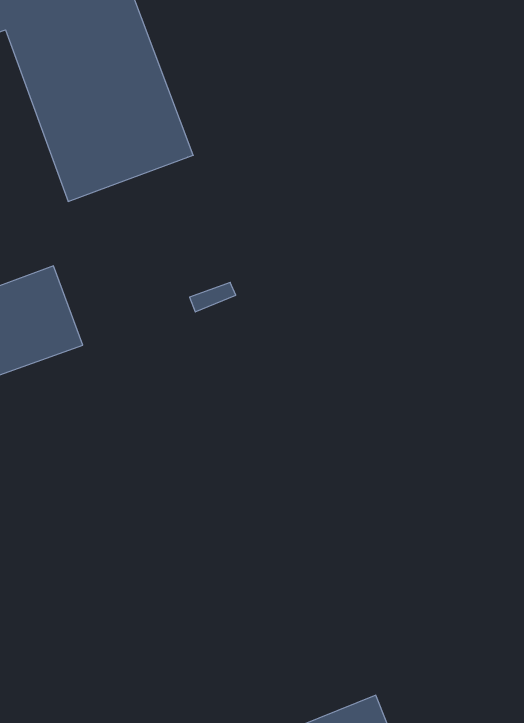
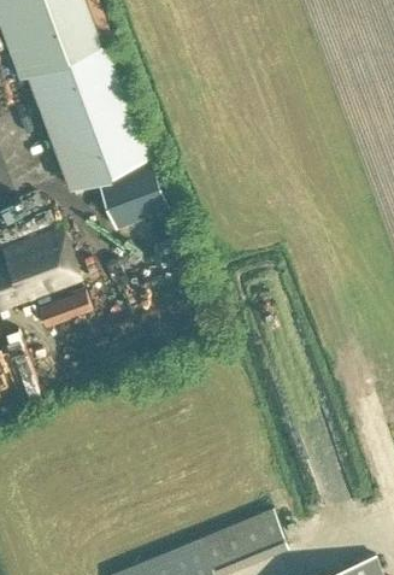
building: none -> [95,158,165,229]
building: none -> [37,291,90,329]

